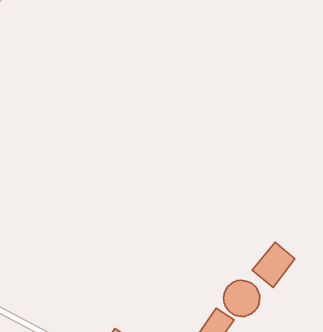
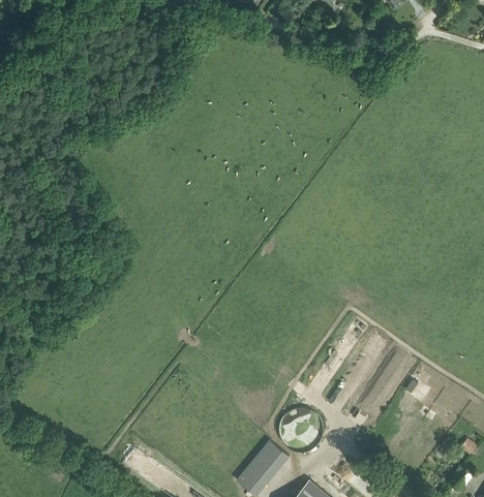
building: [252,242,295,288] -> none

